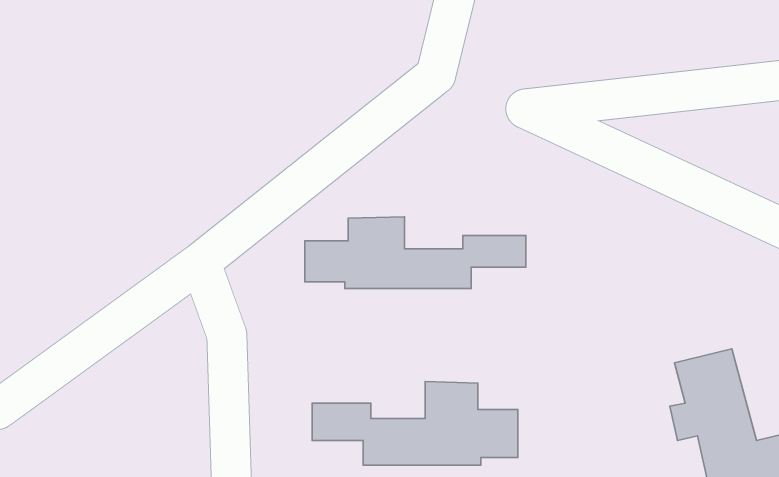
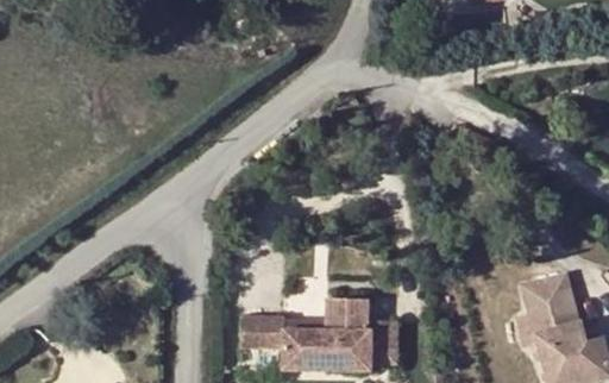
building: [305,217,526,288] -> none

